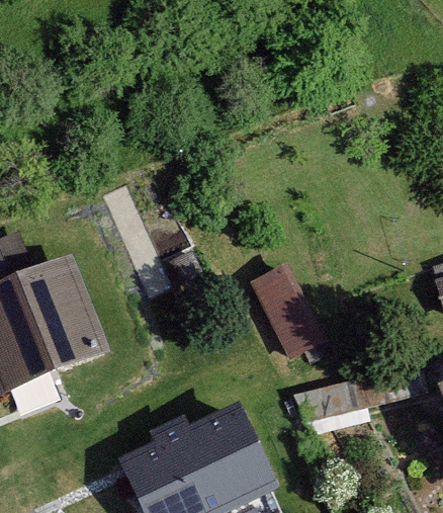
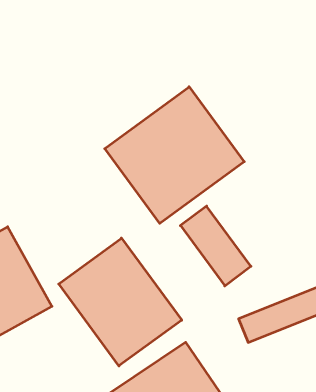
building: none -> [105,87,244,223]
building: none -> [59,238,182,366]

